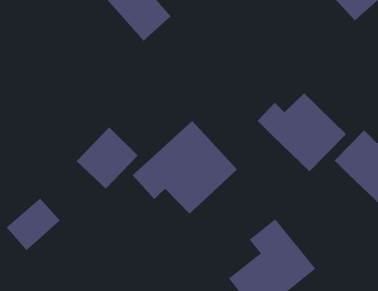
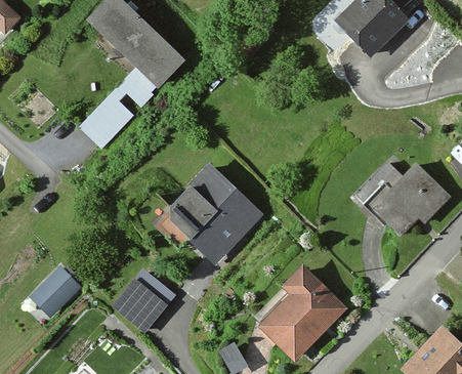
building: [257,92,347,172] -> none
building: [76,126,138,190] -> [113,261,176,326]

